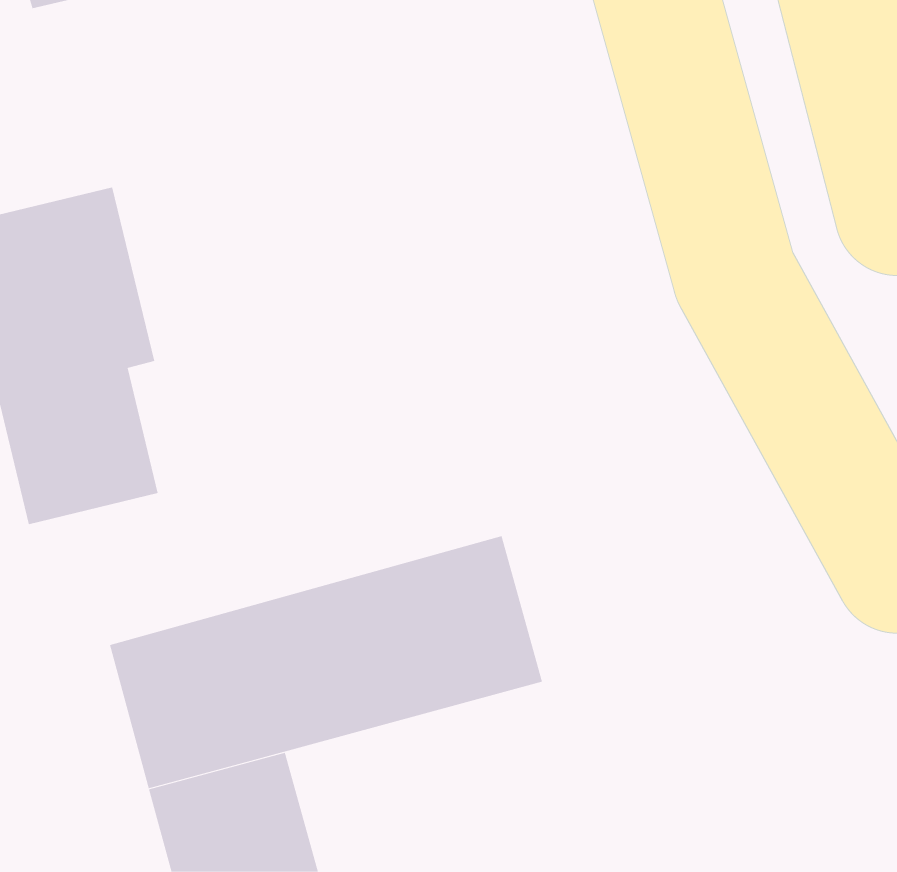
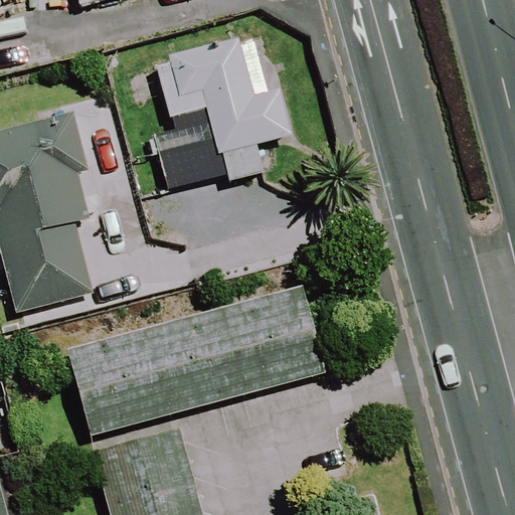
building: none -> [153,25,294,179]

